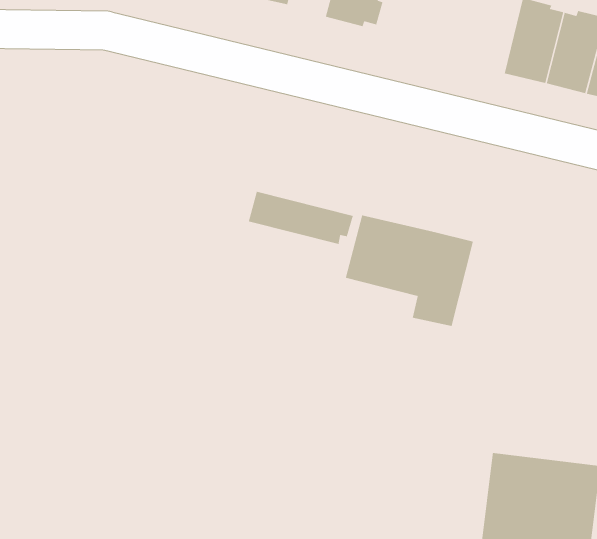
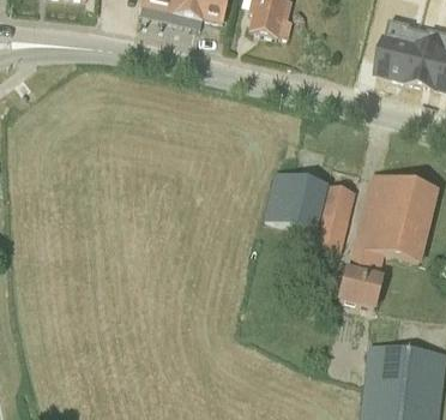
building: [248,191,354,245] -> none
building: none -> [338,174,438,310]

